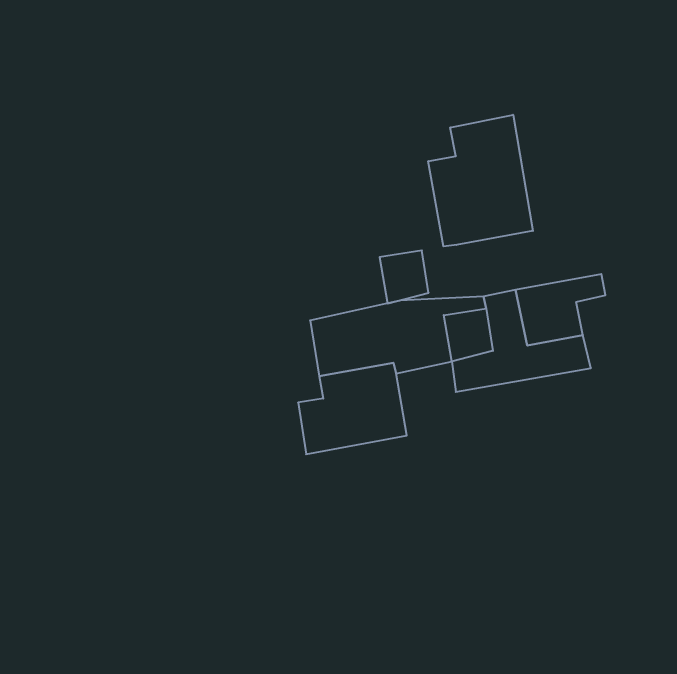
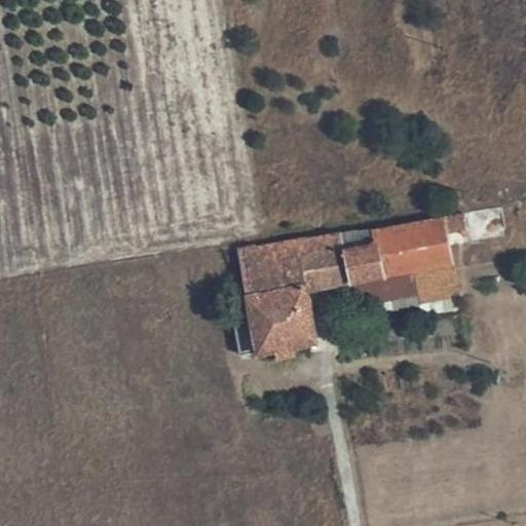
building: [428,115,533,246] -> none
building: [380,250,429,303] -> [344,241,382,283]

